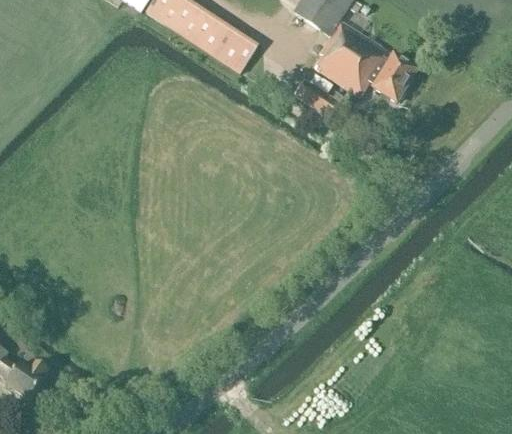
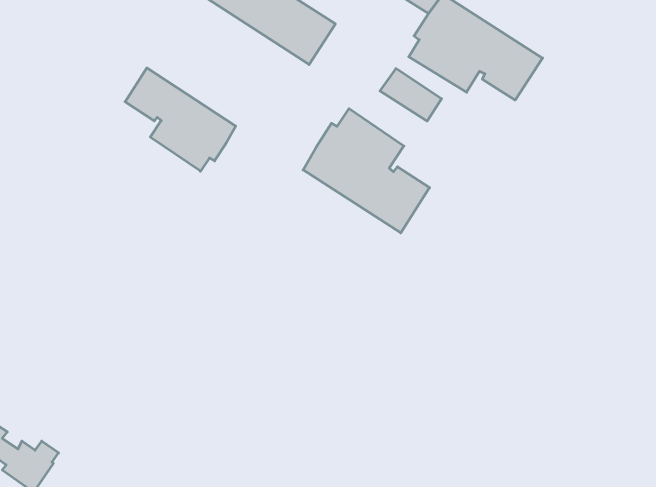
building: none -> [125,68,236,171]
building: none -> [303,109,430,233]

